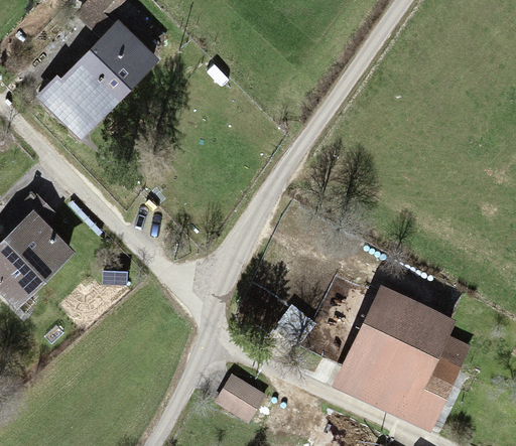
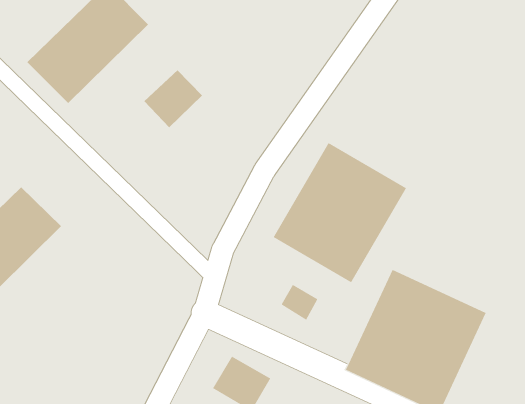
building: none -> [144,70,203,128]
building: none -> [273,142,407,283]

